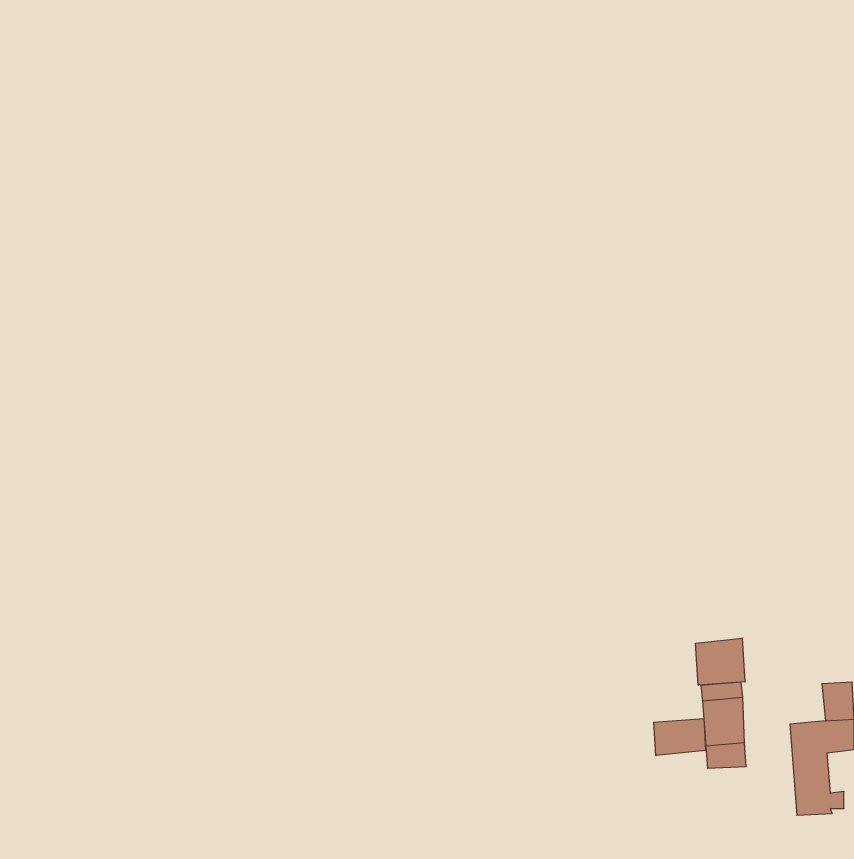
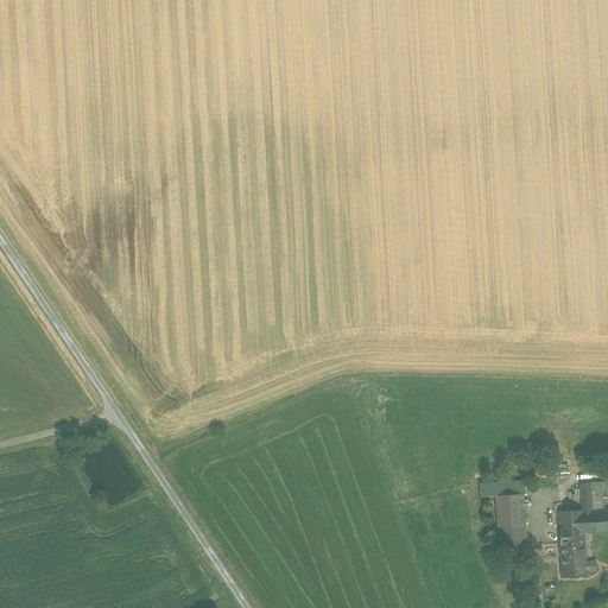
building: [696,638,745,685] -> none
building: [654,719,706,756] -> none

